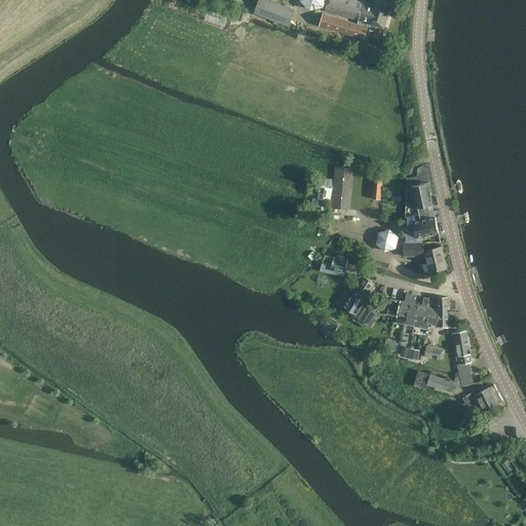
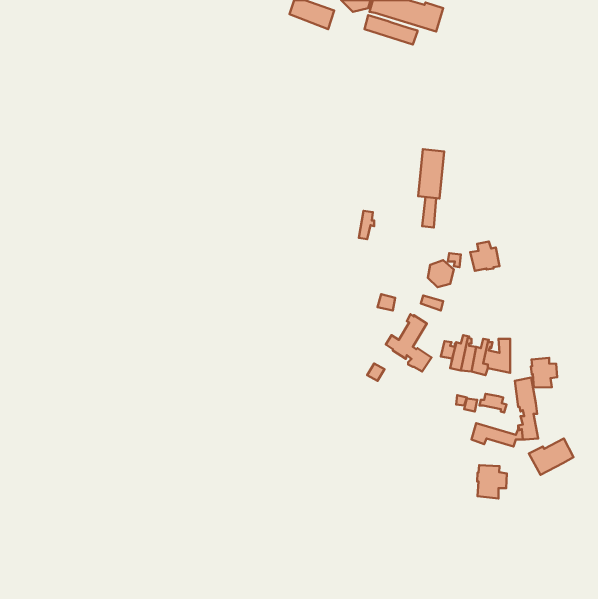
building: [330,166,352,210] -> [418,149,444,198]
building: [411,183,431,214] -> none
building: [403,242,446,272] -> none
building: none -> [531,358,557,388]
building: none -> [477,465,507,498]

